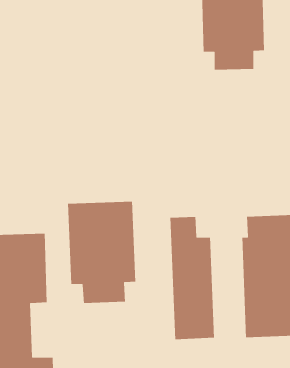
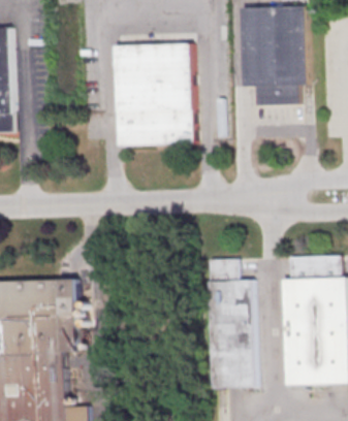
building: none -> [115,42,194,145]
building: [67,201,136,304] -> none

